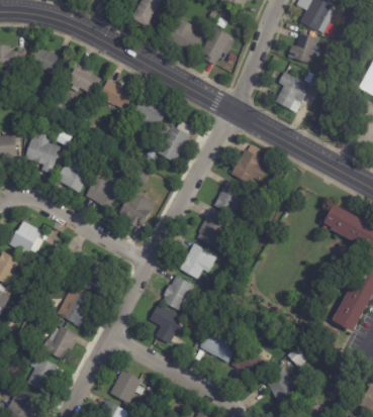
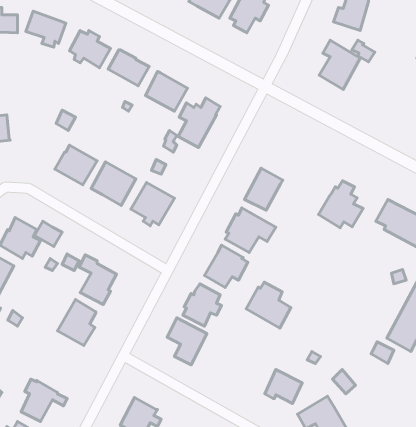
building: [23,130,59,172] -> none
building: [230,143,268,183] -> [318,181,363,228]
building: [200,323,238,361] -> [246,282,291,328]
building: [40,325,75,358] -> none

